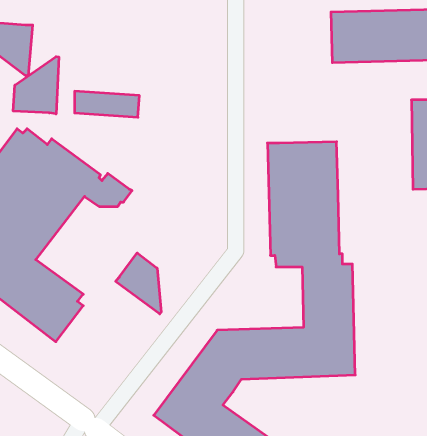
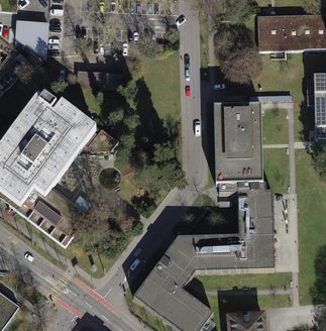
building: [13,57,59,114] -> none
building: [116,253,161,314] -> none

